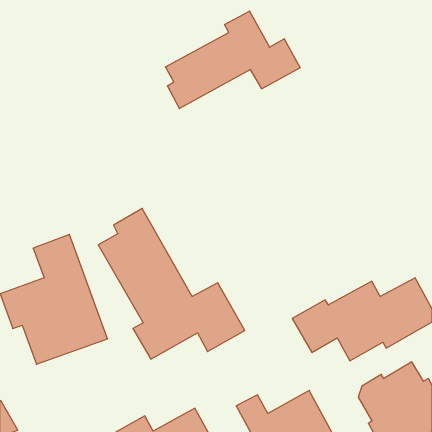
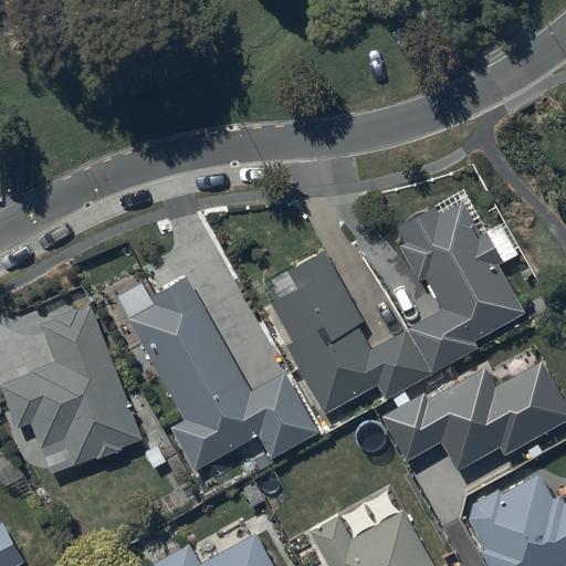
building: [165,11,300,109] -> none
building: none -> [271,202,525,415]

